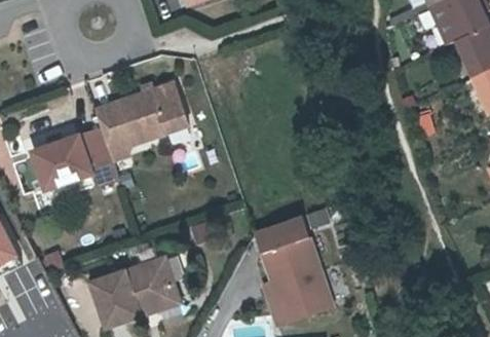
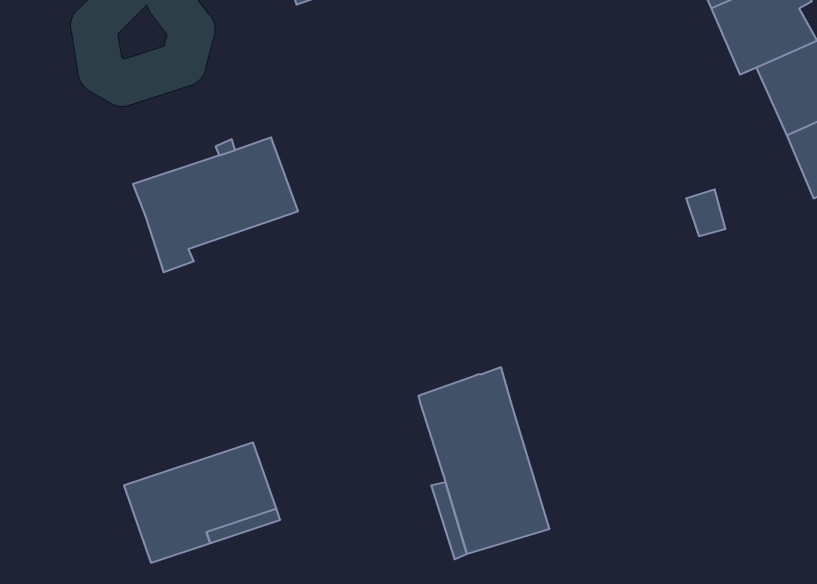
building: [32,125,118,188] -> none

